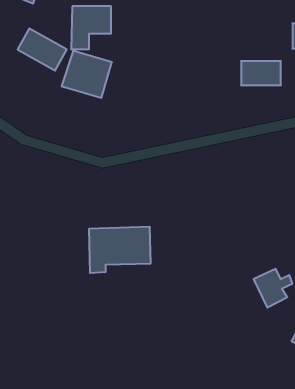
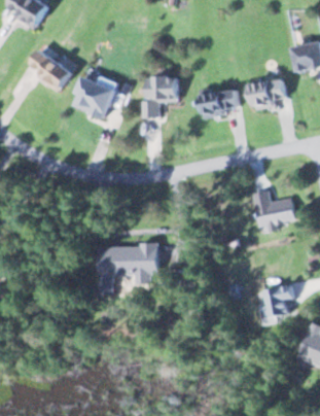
building: [71,6,111,49] -> [141,75,180,117]
building: none -> [198,89,242,115]
building: none -> [250,190,293,227]

